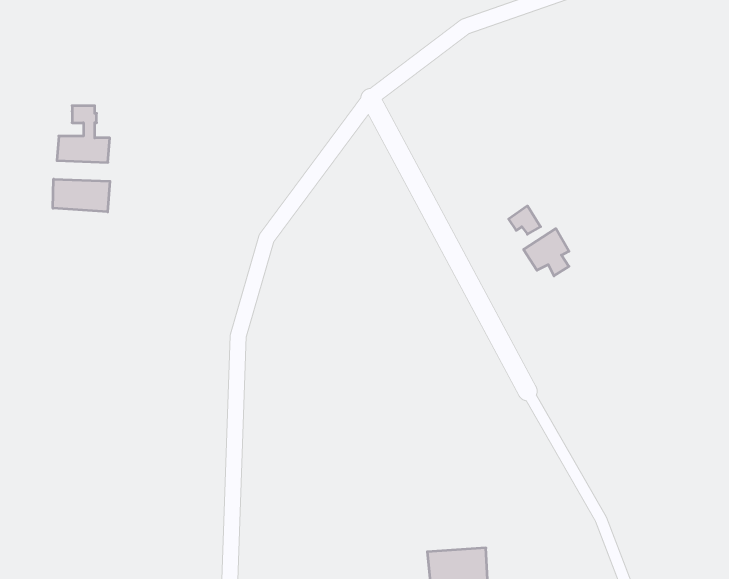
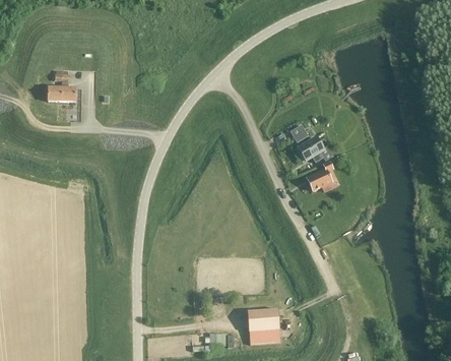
building: [53,179,110,212] -> none
building: none -> [307,162,333,191]

